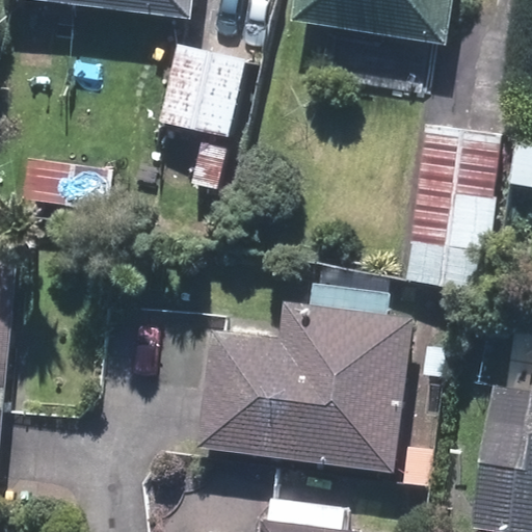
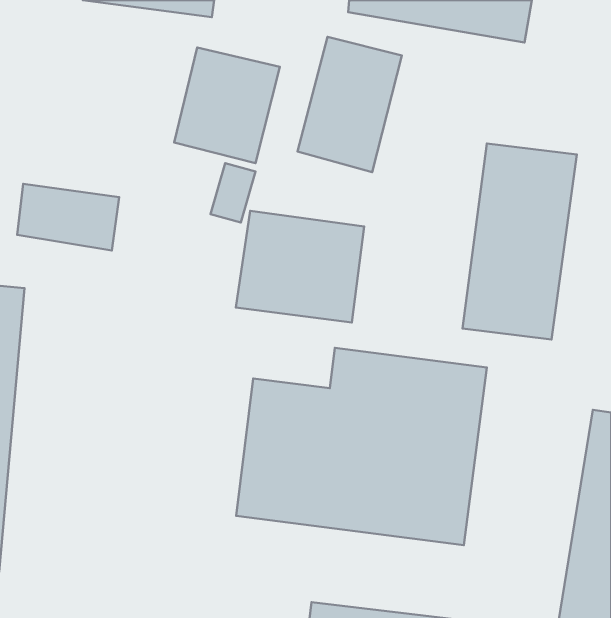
building: none -> [298,37,402,172]
building: none -> [236,211,364,322]

